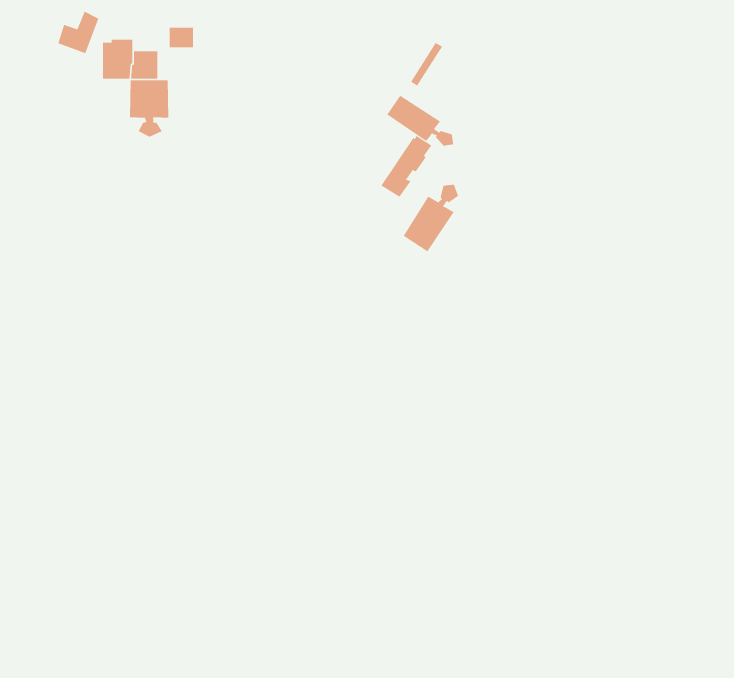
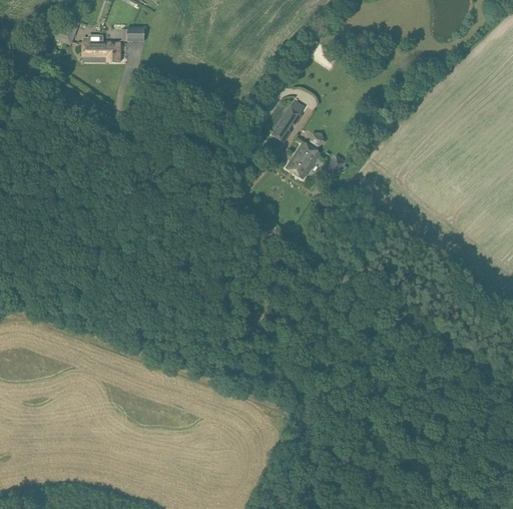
building: [129,80,169,138] -> none
building: [387,95,454,147] -> none

